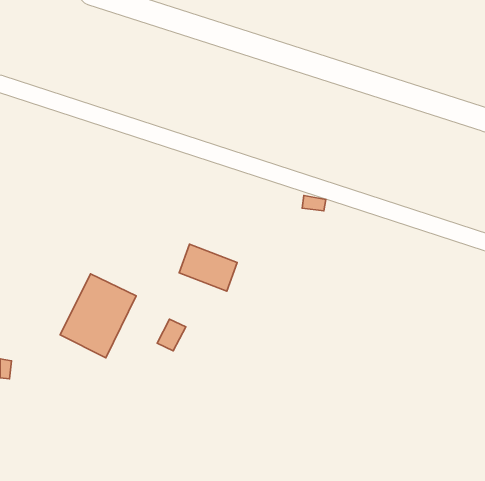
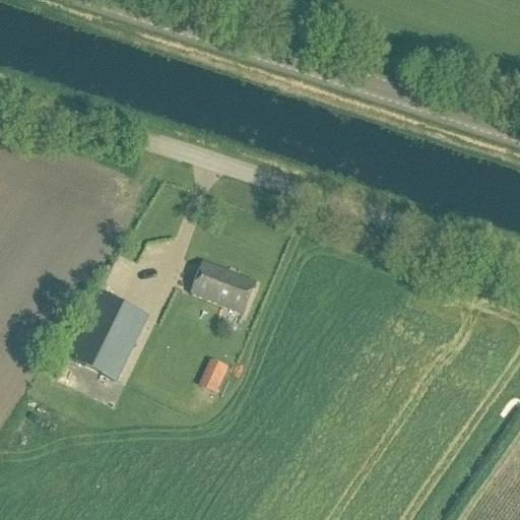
building: [157,319,186,351] -> [200,360,231,393]

